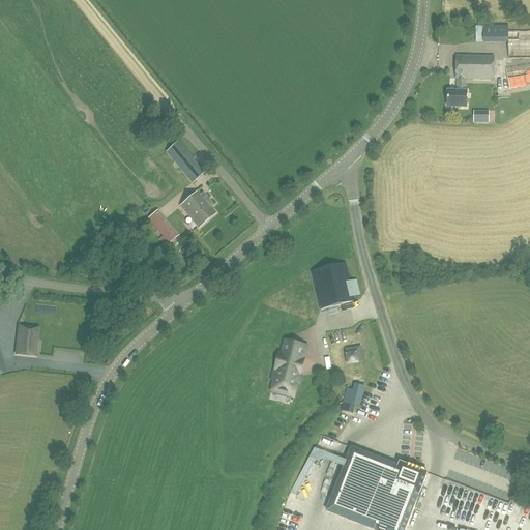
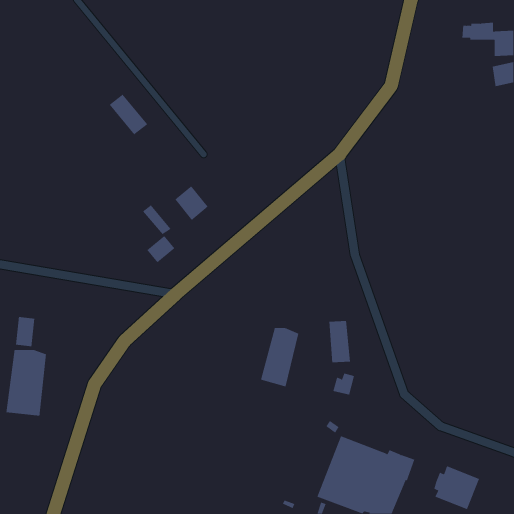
building: [446,55,493,107] -> none
building: [165,140,205,182] -> [109,94,148,135]
building: none -> [146,235,175,263]
building: [310,262,359,308] -> none
building: none -> [6,349,46,416]

